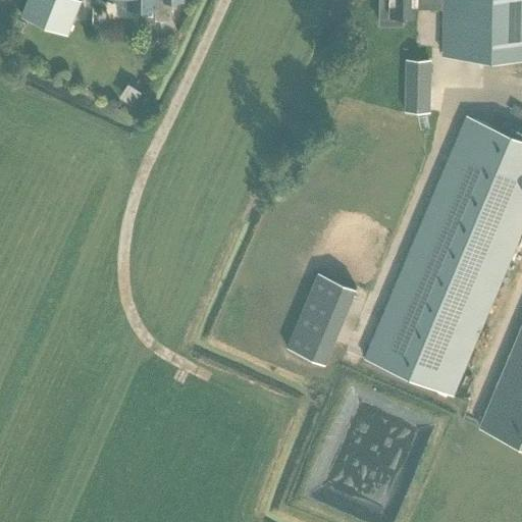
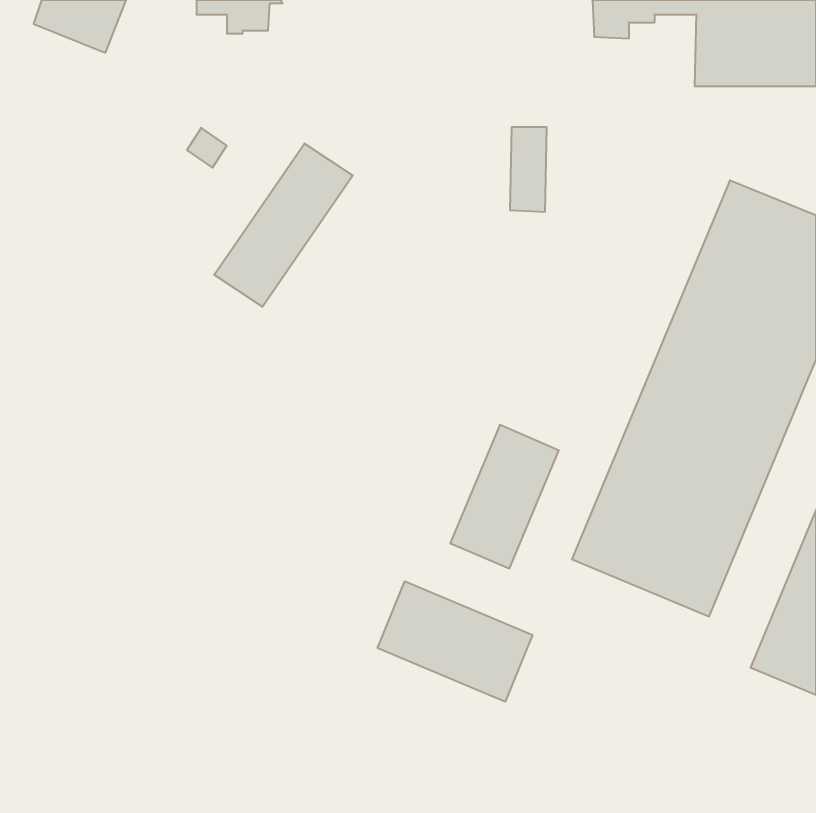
building: [406,60,429,114] -> [510,127,547,212]
building: none -> [214,143,353,307]
building: none -> [378,581,532,702]

